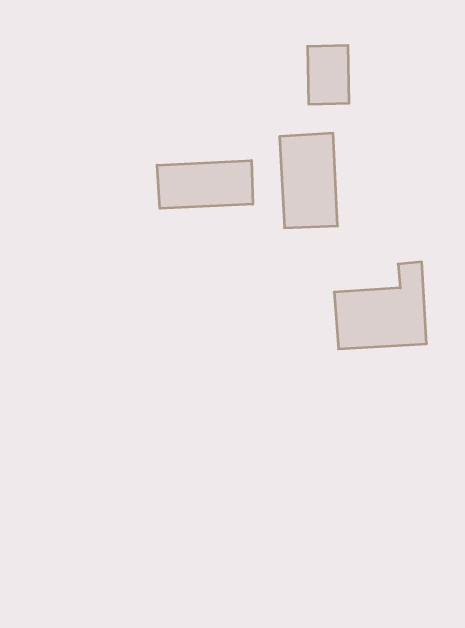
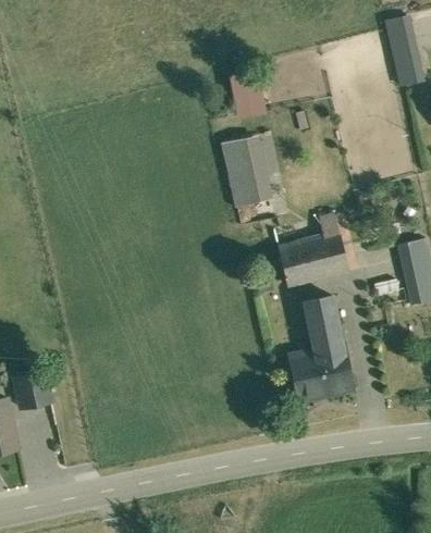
building: [157,160,253,208] -> none
building: none -> [292,296,352,398]

